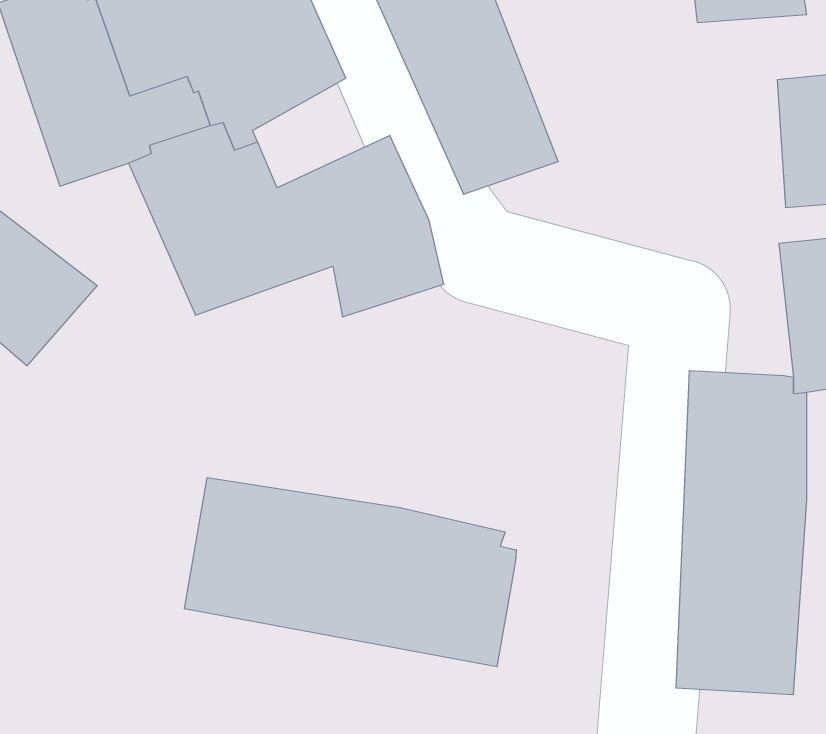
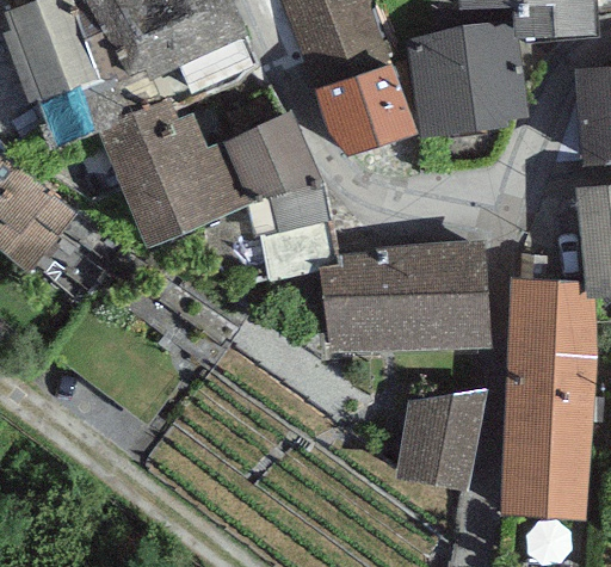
building: none -> [405,26,527,135]
building: none -> [320,242,489,357]
building: [185,478,516,667] -> none
building: none -> [400,394,485,491]

